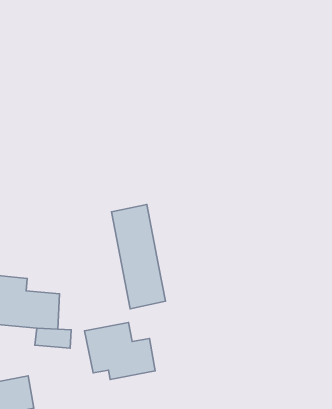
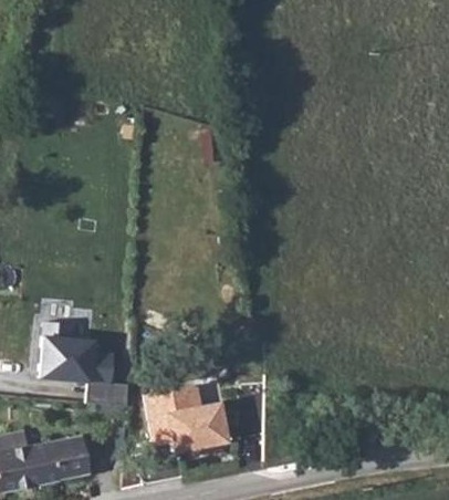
building: [112,204,165,309] -> none

